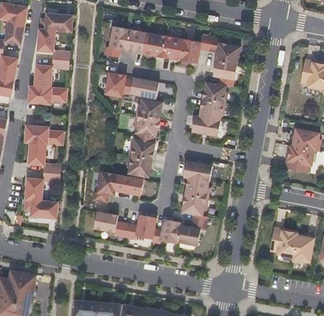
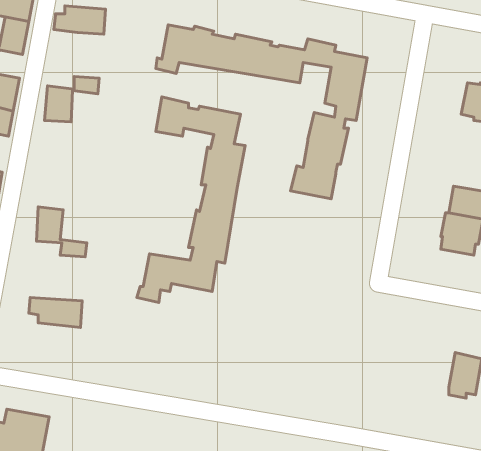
building: [38,28,70,59] -> none
building: [28,85,67,104] -> none
building: [25,124,63,144] -> none
building: [94,160,212,245] -> none
building: [25,172,60,200] -> none
building: [270,229,297,256] -> none

